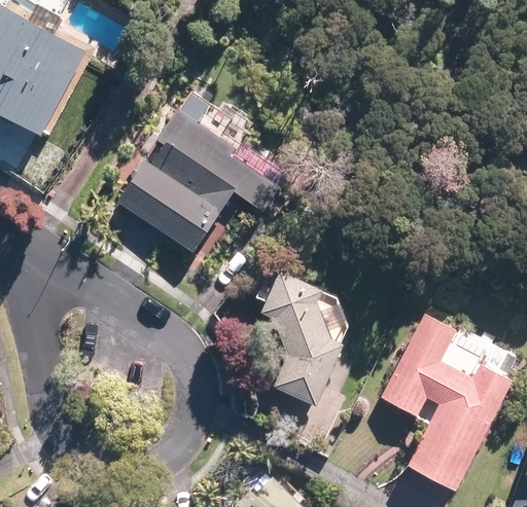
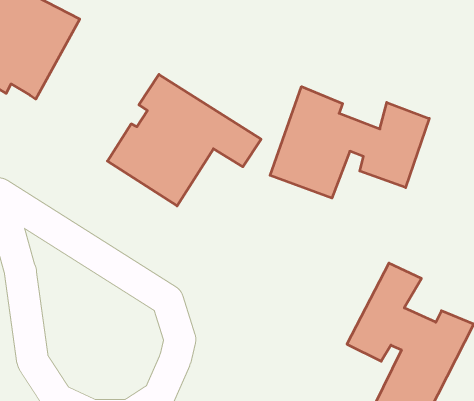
building: none -> [270,87,429,198]
building: [261,270,348,402] -> none

